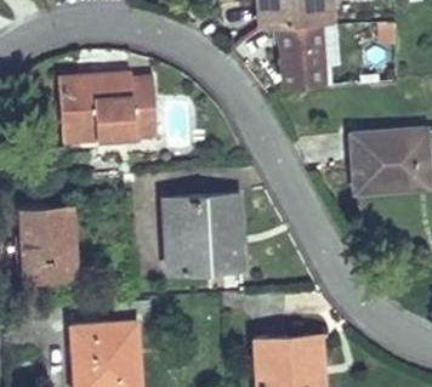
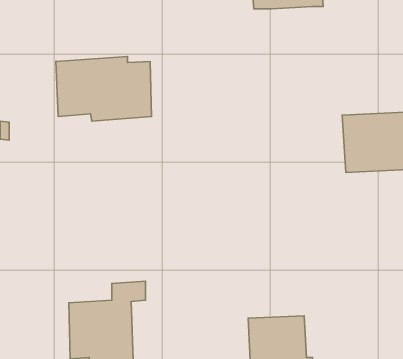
building: [280,24,324,87] -> none
building: [176,197,241,271] -> none
building: [22,205,75,280] -> none

